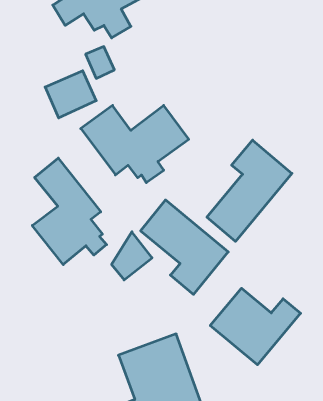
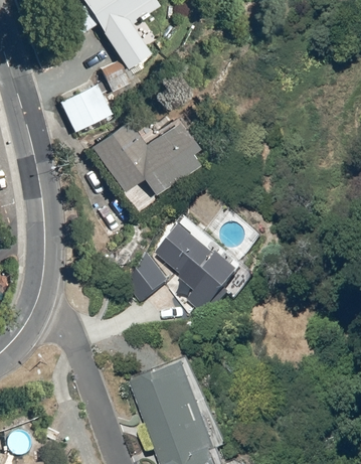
building: [207,140,292,241] -> none
building: [32,158,107,265] -> none
building: [210,288,301,365] -> none

